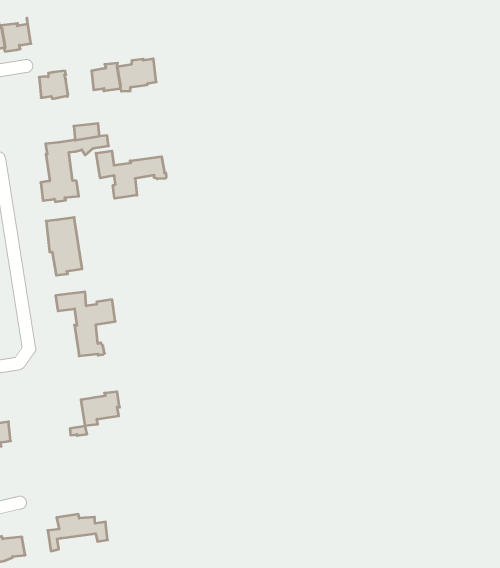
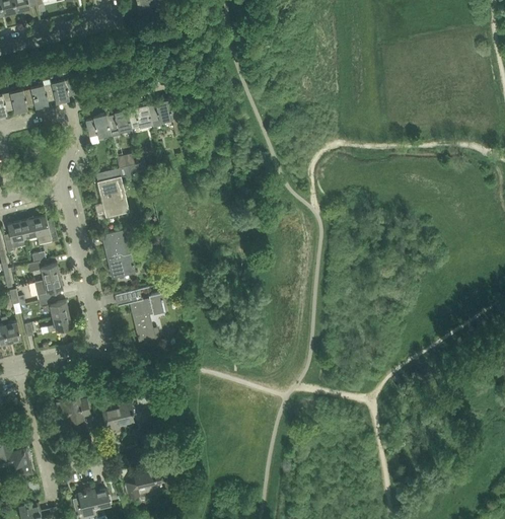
building: none -> [106,108,132,137]
building: [96,151,166,198] -> none
building: [81,392,120,426] -> [102,400,134,430]

